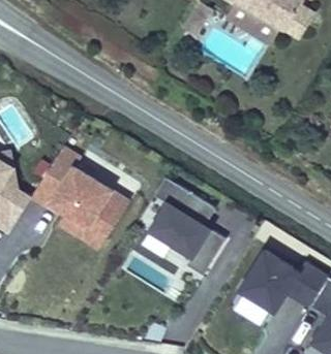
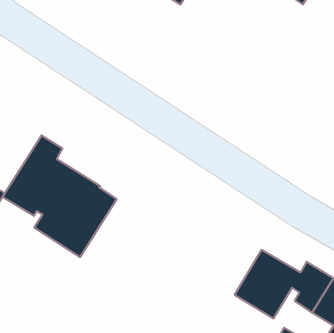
building: [147,181,229,280] -> none

